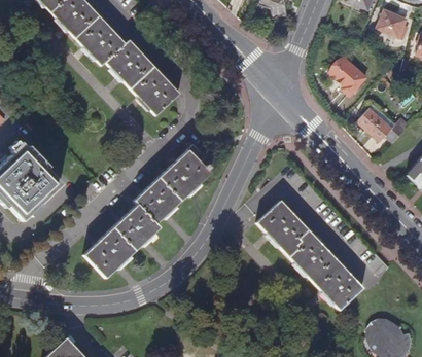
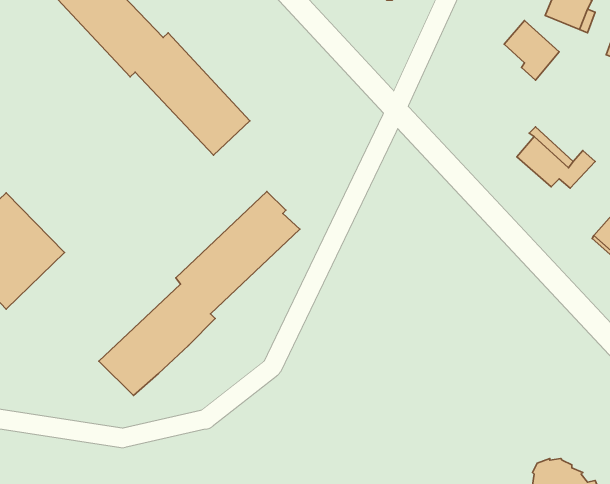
building: [329,56,365,95] -> [504,21,559,80]
building: [256,200,362,309] -> none

